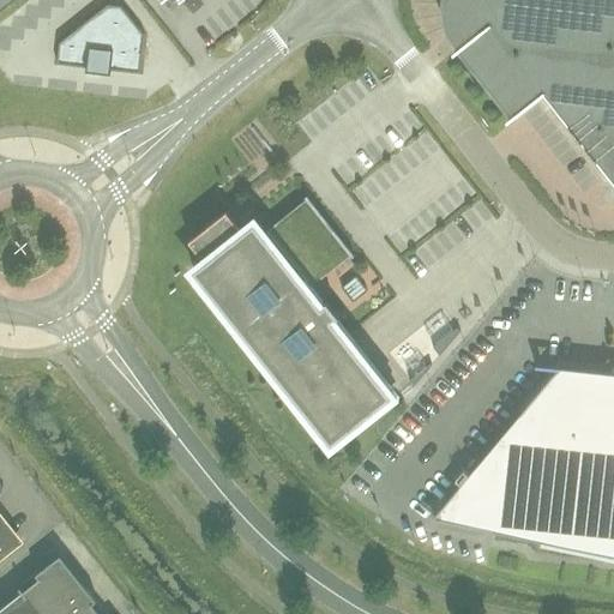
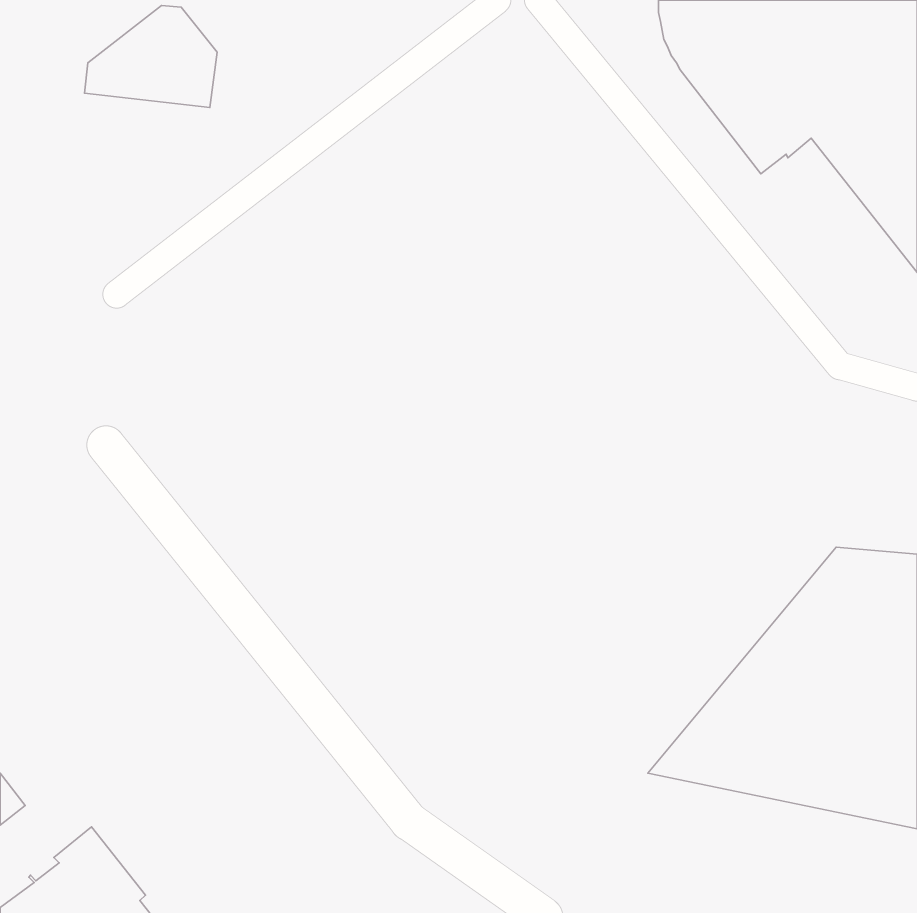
building: [188,198,383,440] -> none

